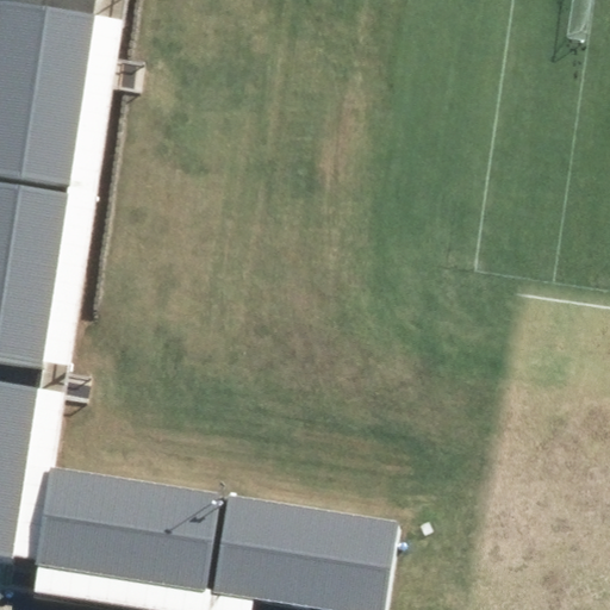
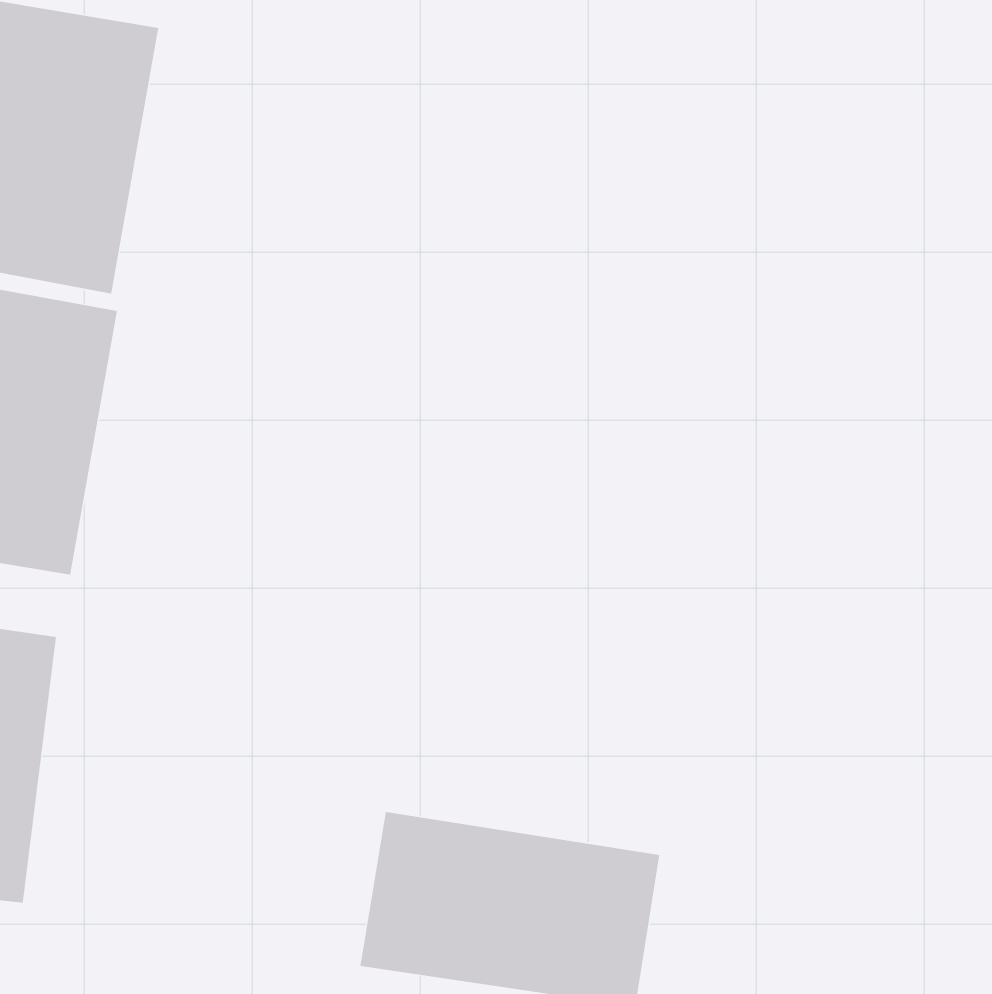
building: [36,469,217,590] -> none

